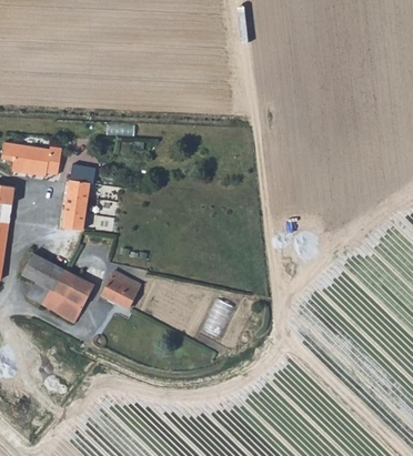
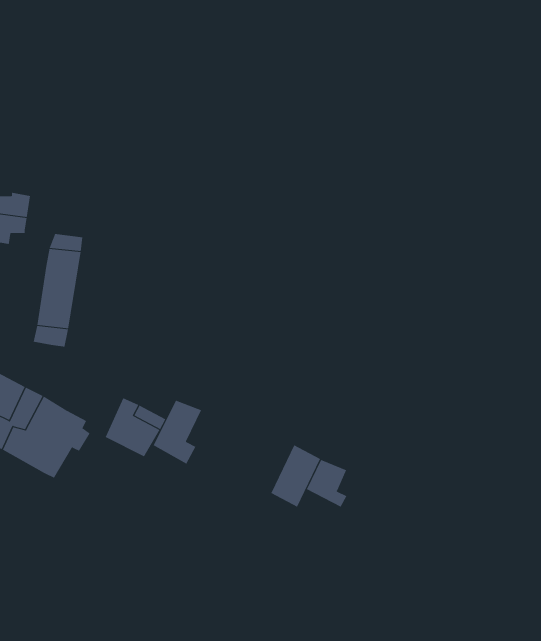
building: none -> [153,400,202,464]
building: none -> [306,459,347,508]

